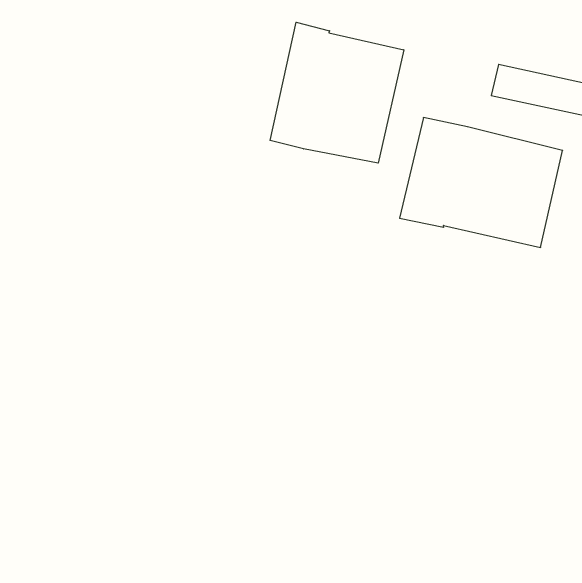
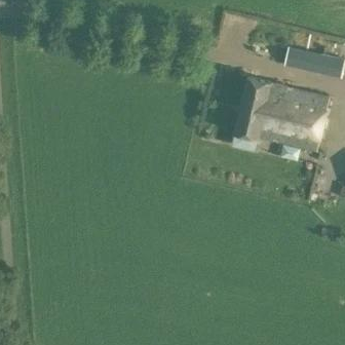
building: [270,22,404,163] -> none

